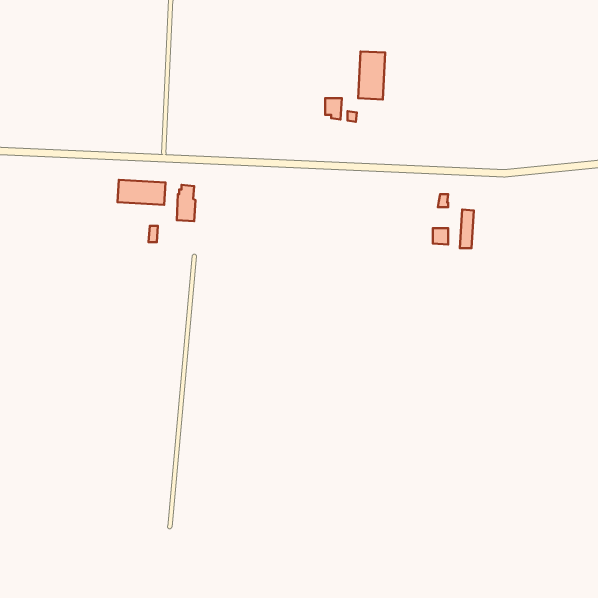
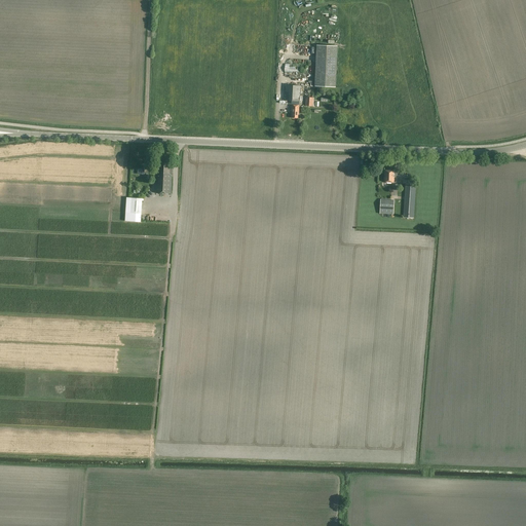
building: [117,180,166,205] -> none

